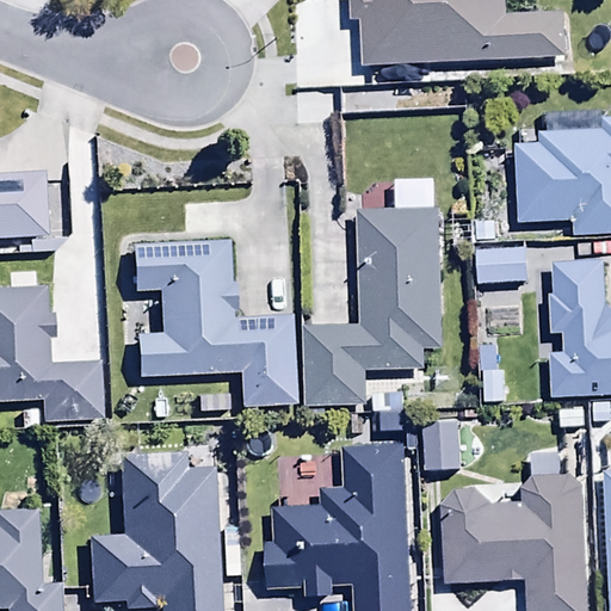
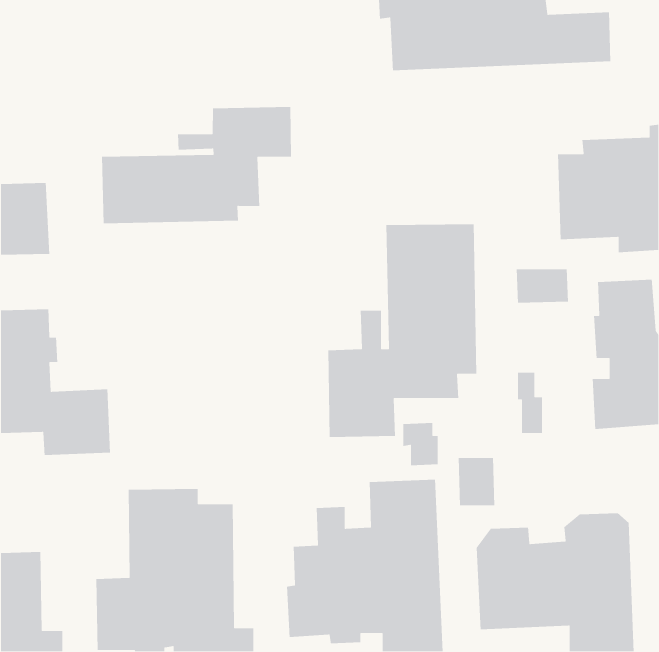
building: none -> [101,106,292,224]
building: [134,237,298,406] -> none

